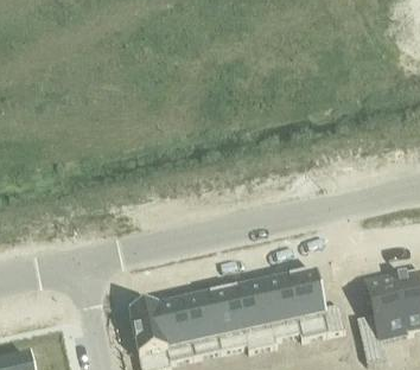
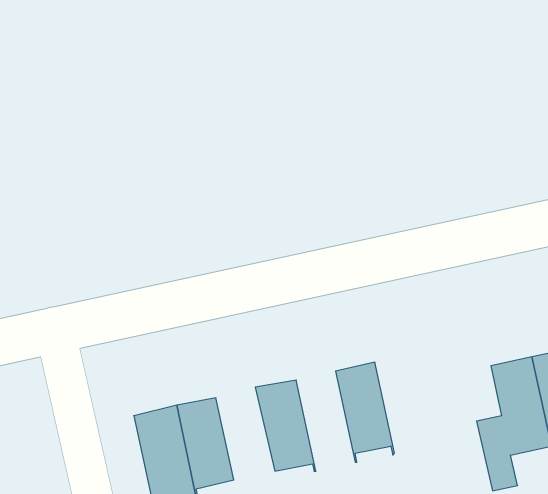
building: [288,268,344,334] -> none
building: [236,280,275,346] -> none
building: [183,291,222,352] -> none

